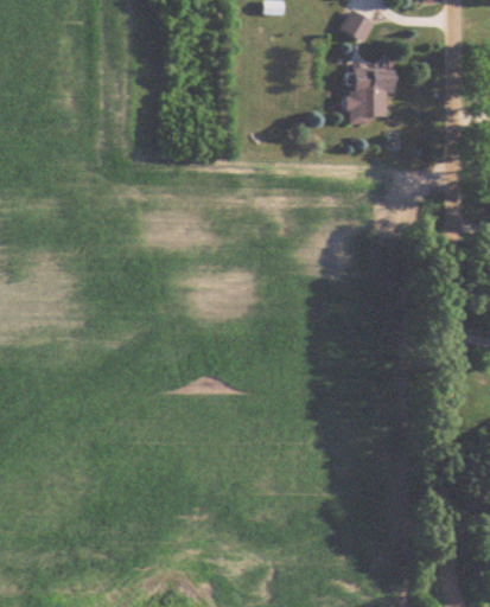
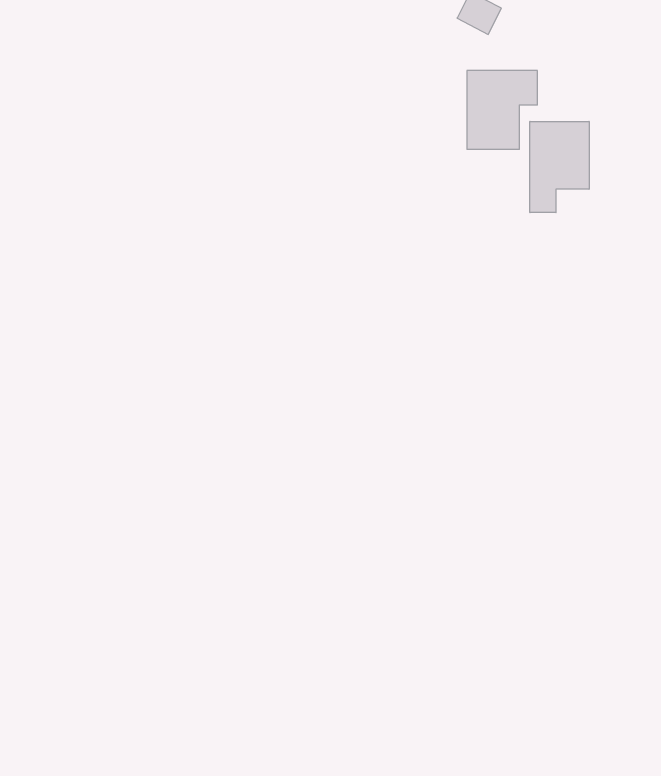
building: none -> [530,121,589,213]

